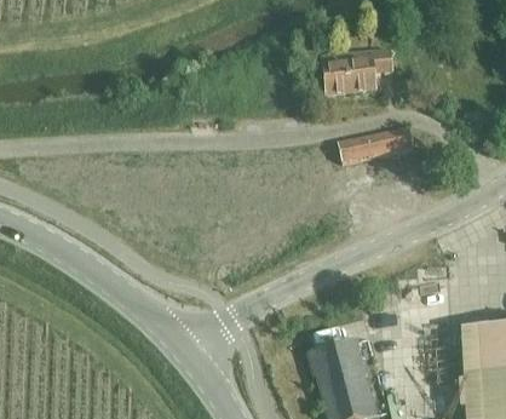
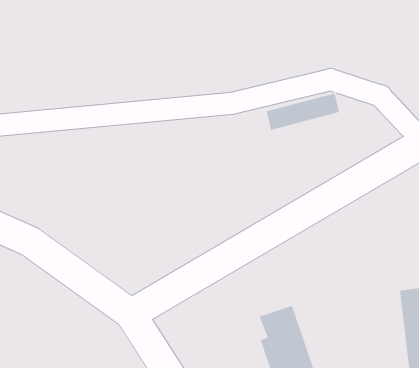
building: [321,48,391,94] -> none

